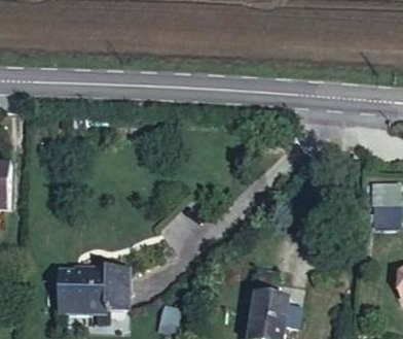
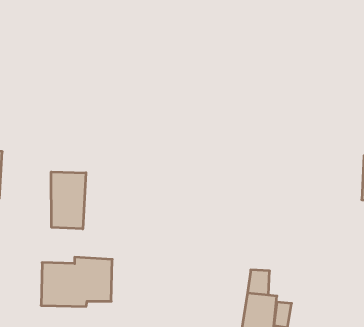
building: none -> [51,172,86,229]

